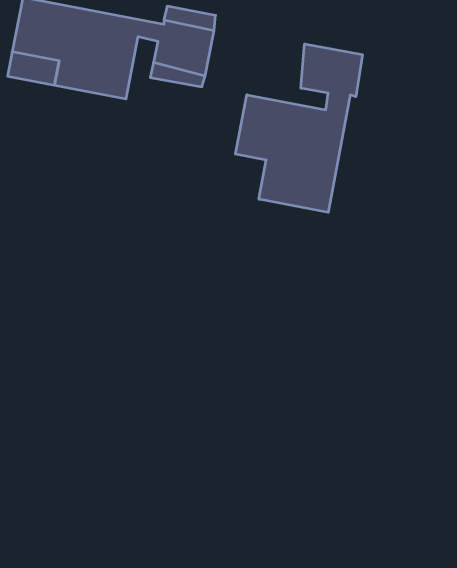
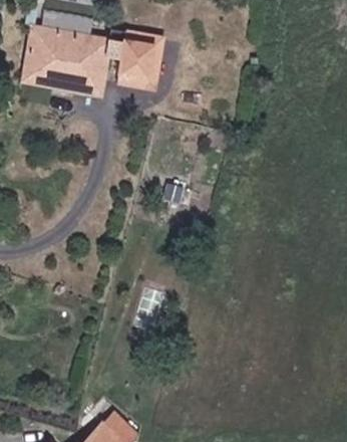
building: [235,44,362,212] -> none

